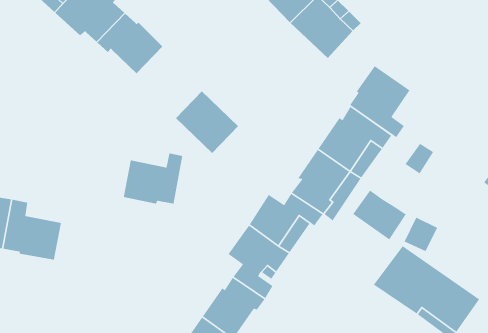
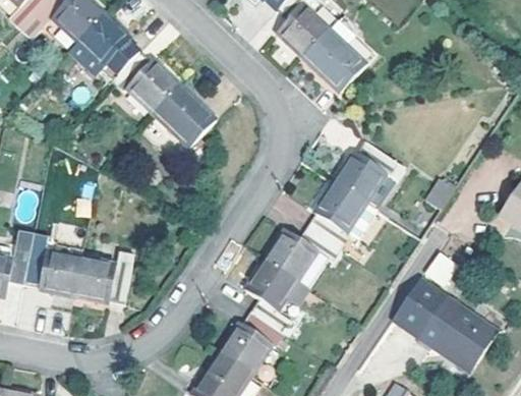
building: [349,65,410,138] -> none
building: [175,90,239,154] -> [154,82,217,146]
building: [123,152,183,205] -> [72,250,132,302]
building: [352,190,407,241] -> none

